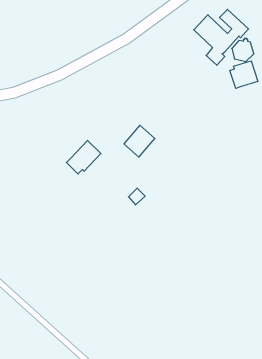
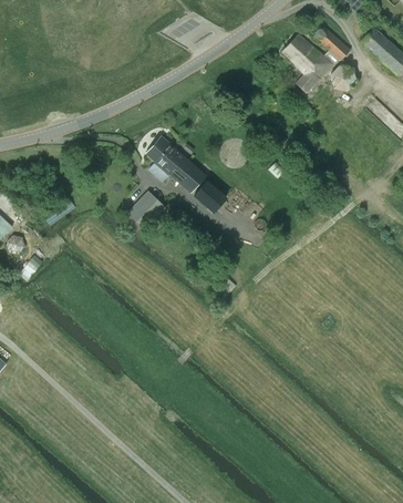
building: [230,61,258,88] -> none
building: none -> [145,135,205,192]

